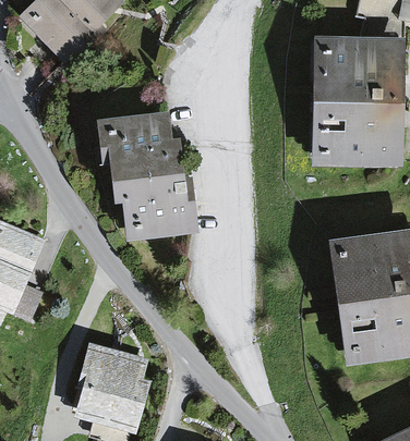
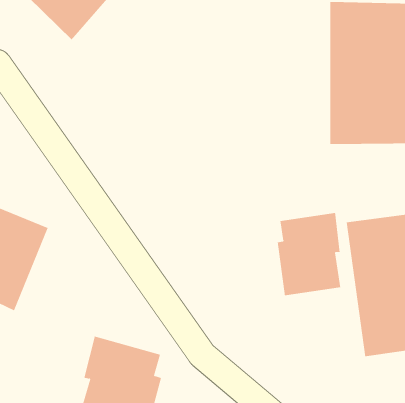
building: [105,120,207,246] -> none
building: none -> [277,212,341,296]

